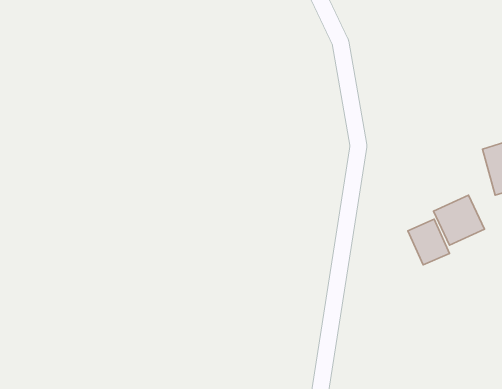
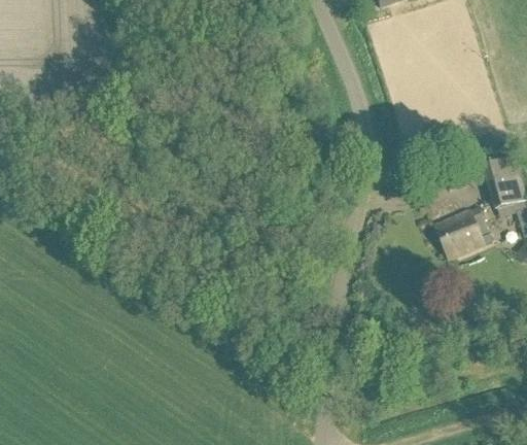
building: [408,219,450,265] -> none

